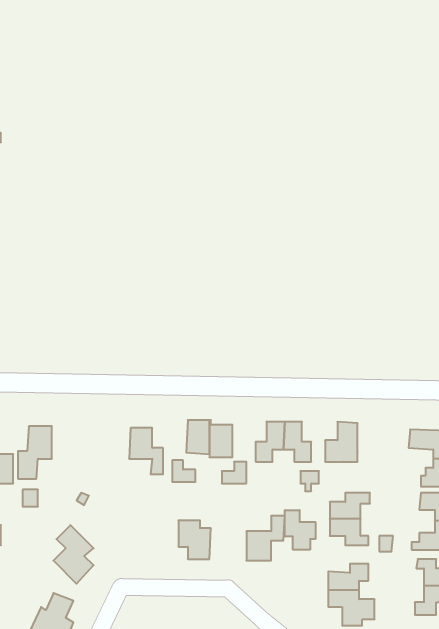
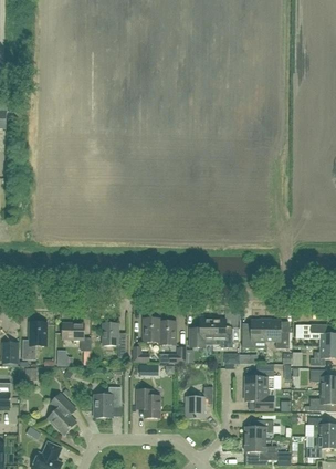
building: none -> [265,320,290,348]
building: none -> [62,322,91,351]
building: [285,510,315,550] -> none
building: none -> [94,386,120,417]

